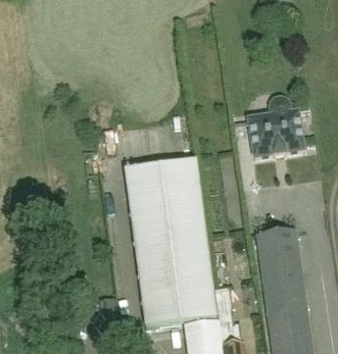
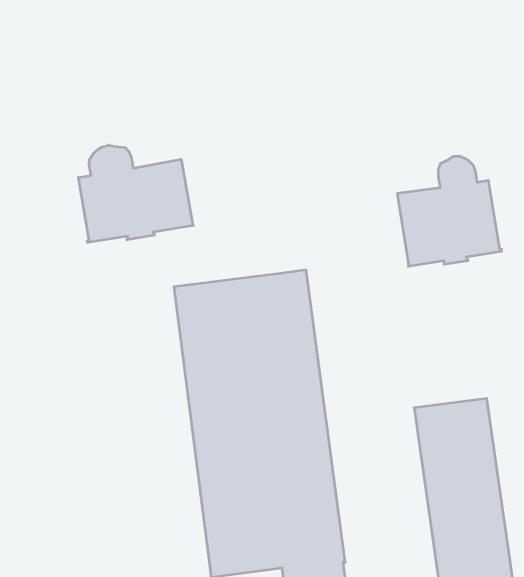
building: none -> [78,145,193,243]

